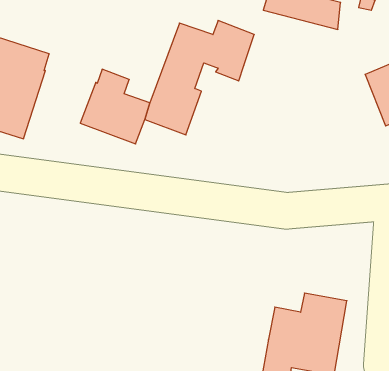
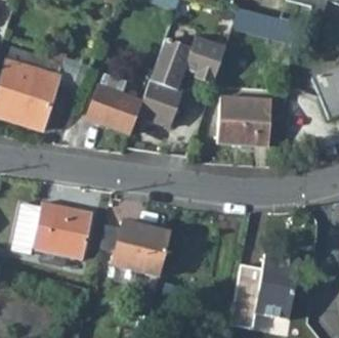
building: none -> [217,95,271,144]
building: none -> [32,201,93,258]
building: none -> [112,219,170,276]

